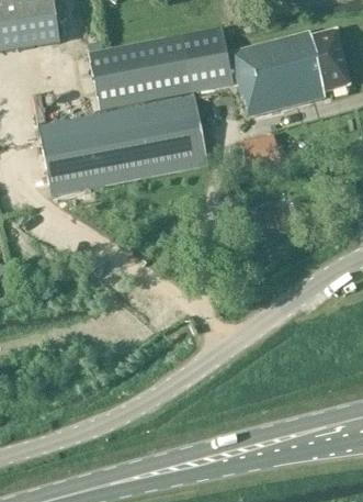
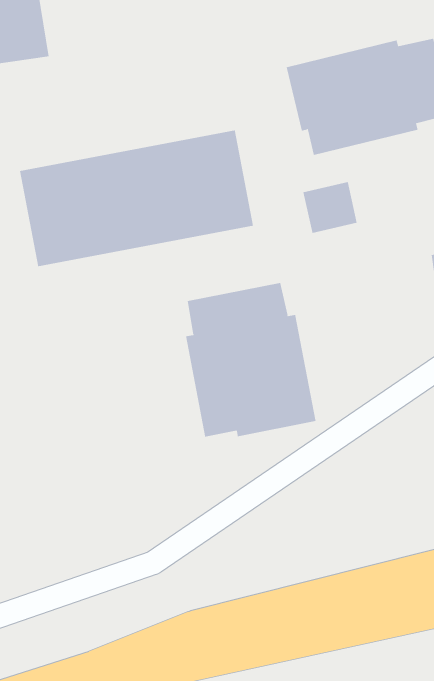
building: [89,26,232,109] -> none
building: none -> [185,282,316,437]

